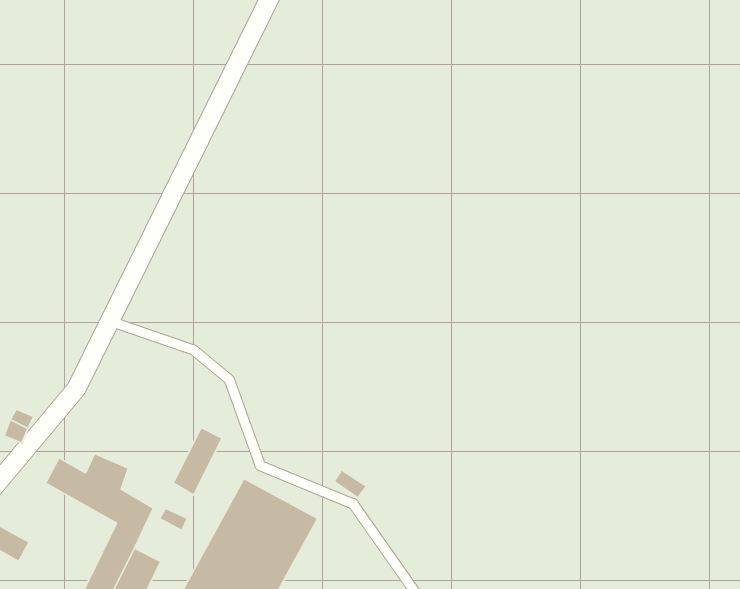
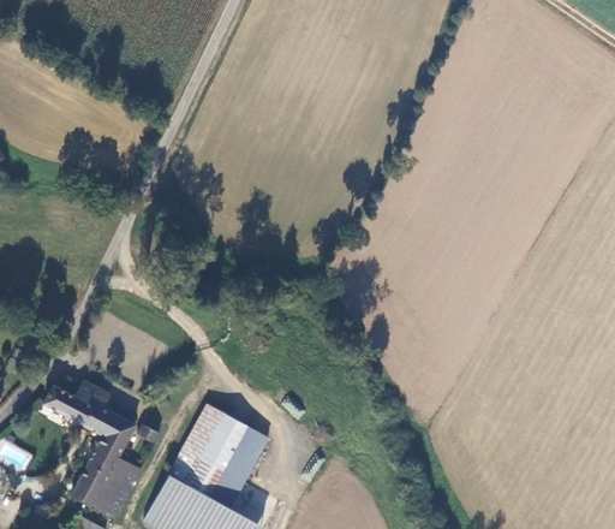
building: [173,428,222,495] -> none

